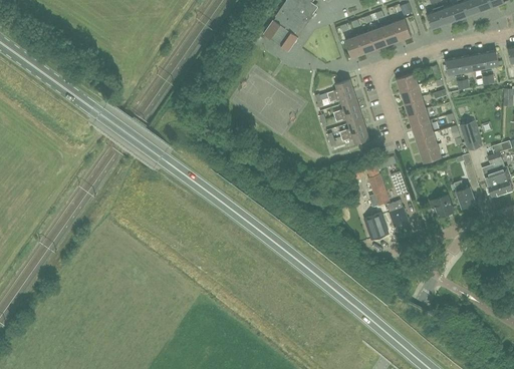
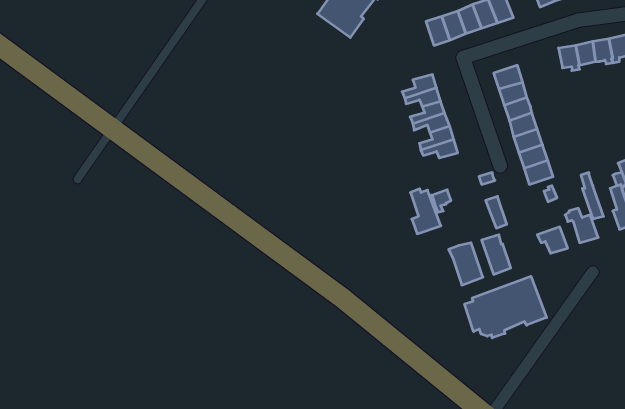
building: [461,121,483,150] -> none
building: [367,173,391,208] -> [410,189,441,234]
building: none -> [465,276,547,338]

